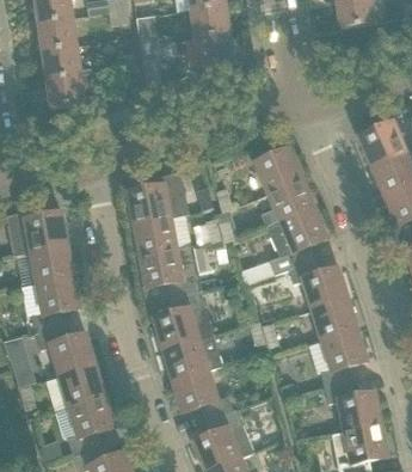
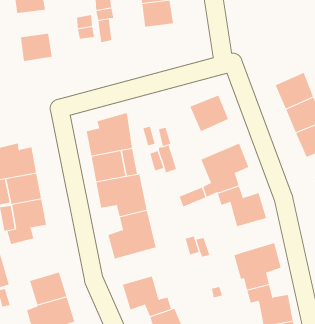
building: [42,44,81,78] -> none
building: [260,178,314,227] -> none
building: [310,299,356,339] -> none
building: [35,324,94,375] -> none
building: [161,338,221,380] -> none

